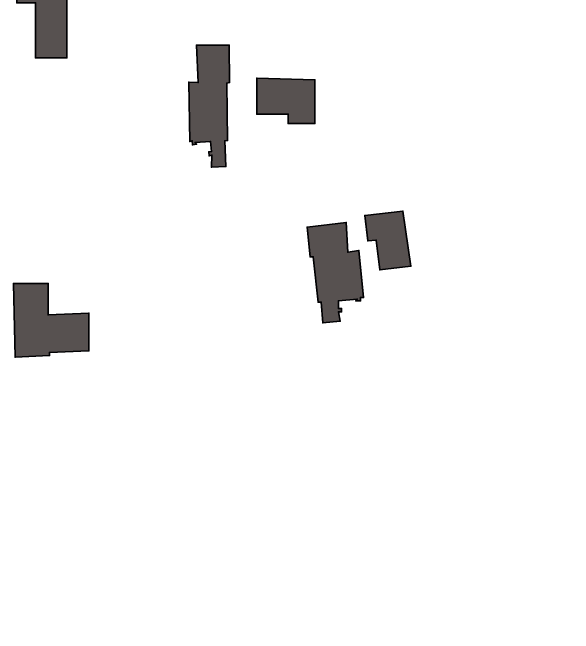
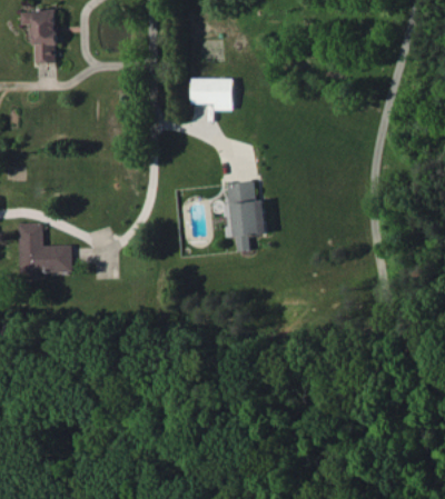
building: [189,45,229,167] -> none
building: [365,211,411,270] -> none

